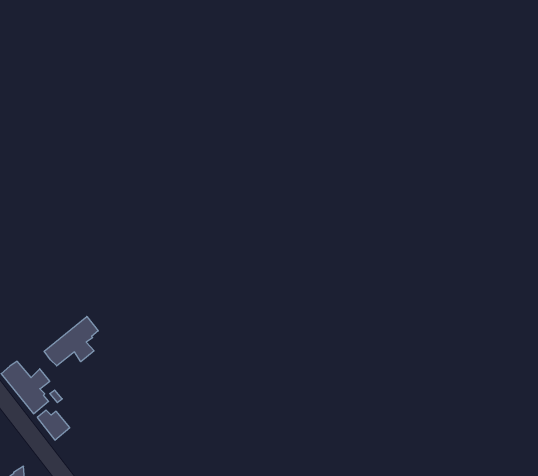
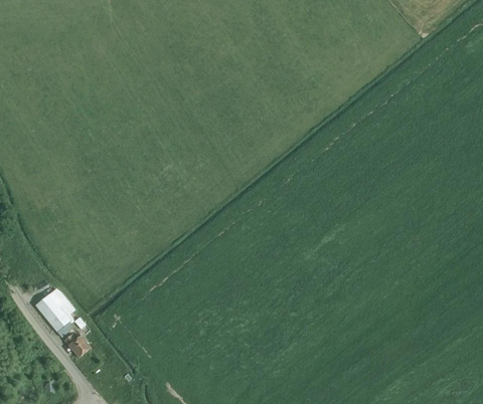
building: [44,316,98,366] -> none

